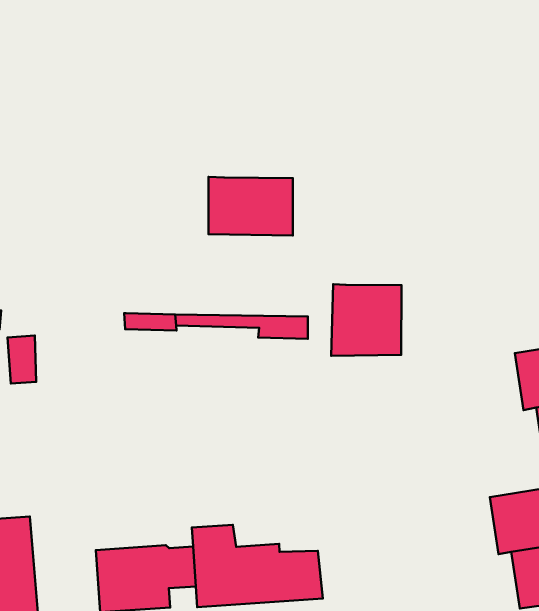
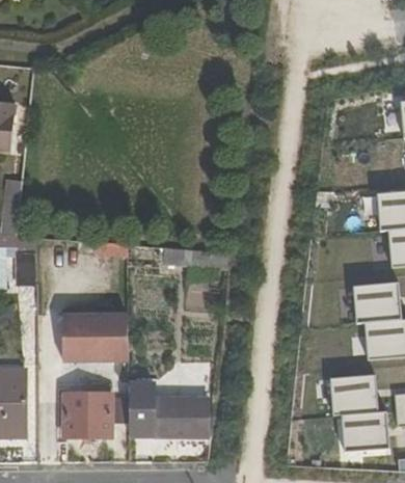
building: [208,177,293,235] -> none
building: [331,284,402,356] -> none
building: none -> [64,314,131,361]

